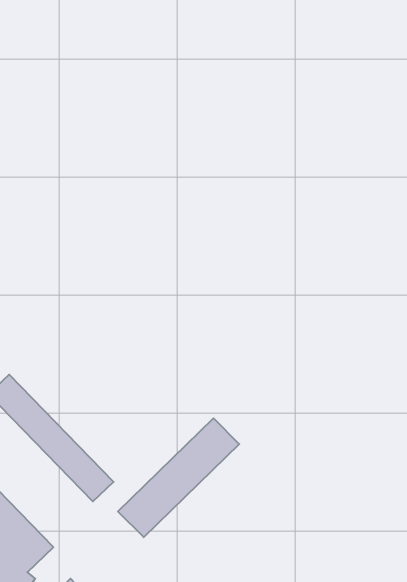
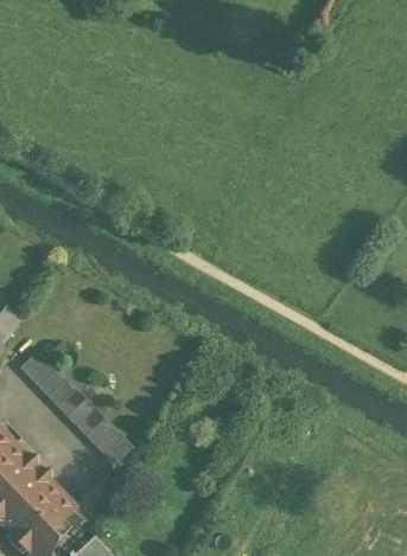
building: [118,418,239,537] -> none

